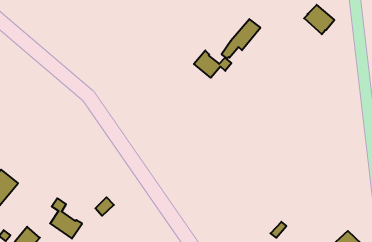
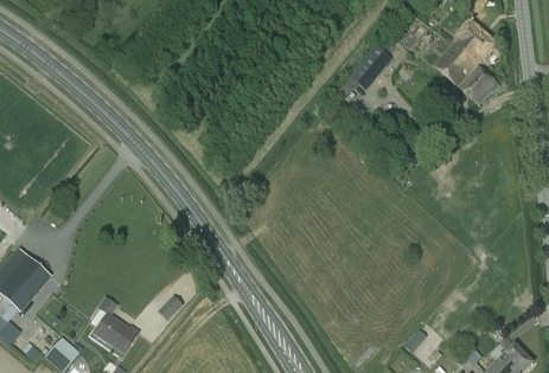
building: none -> [434,41,499,103]
building: [194,50,231,78] -> none

